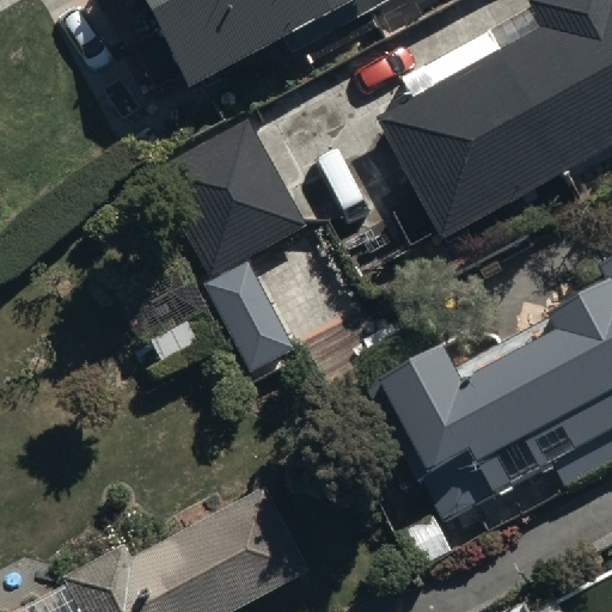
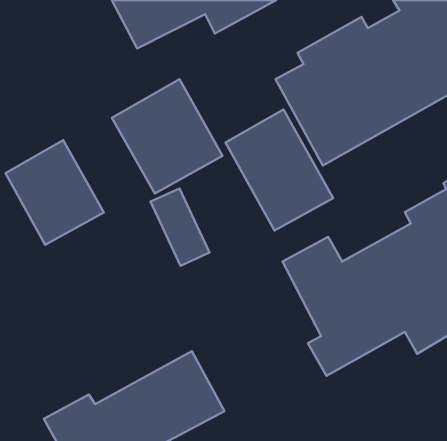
building: none -> [225,109,333,230]
building: none -> [5,140,104,245]

